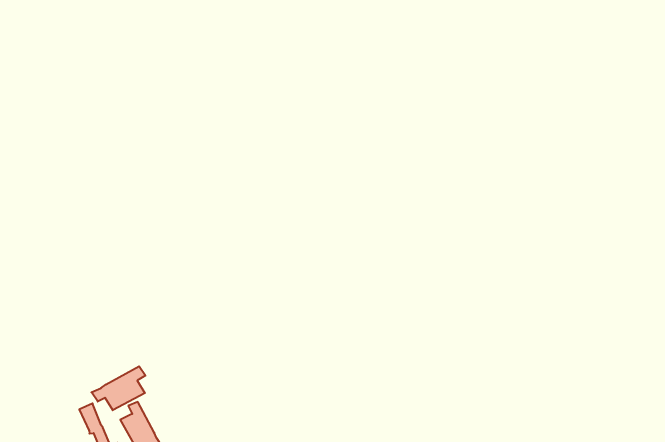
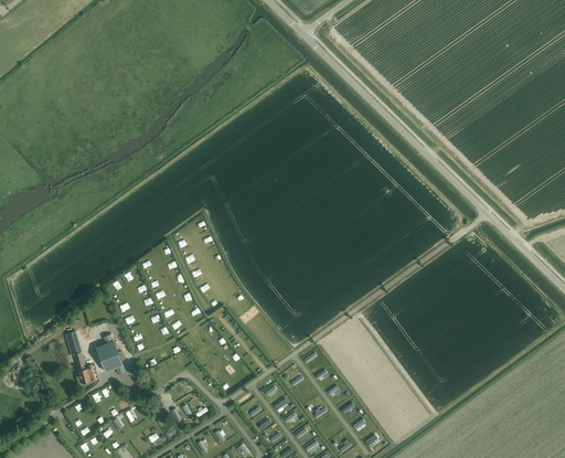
building: [91,366,145,410] -> none

